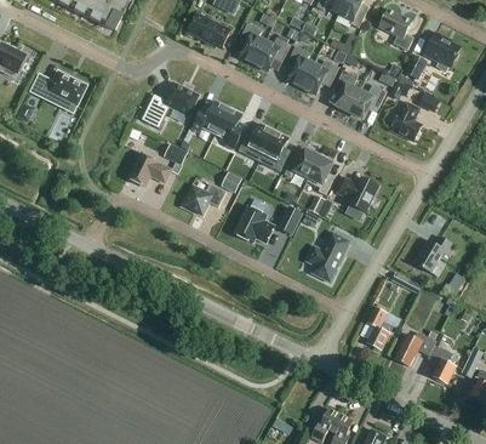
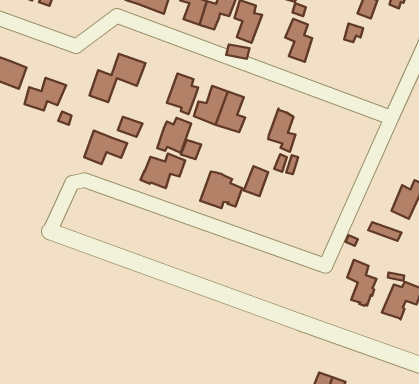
building: [302,59,339,95] -> none
building: [350,84,388,119] -> none
building: none -> [24,78,66,110]
building: [193,101,228,135] -> [157,118,191,153]
building: [390,102,424,143] -> none
building: [284,149,320,177] -> none
building: [338,177,378,211] -> none
building: [308,232,350,281] -> none

